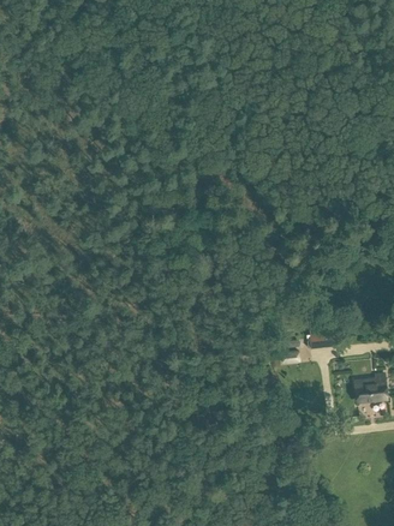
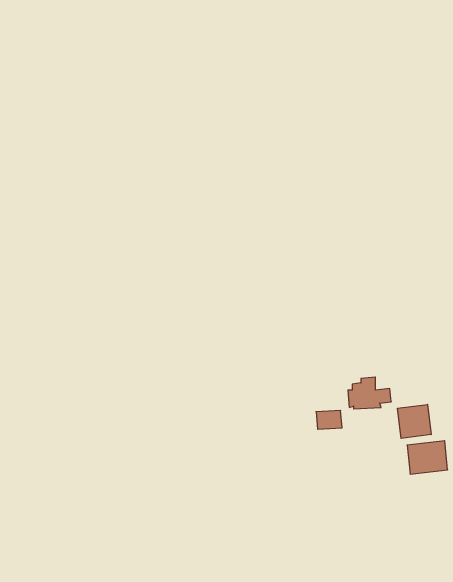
building: none -> [398,404,431,438]

